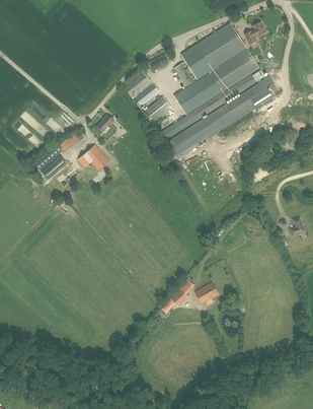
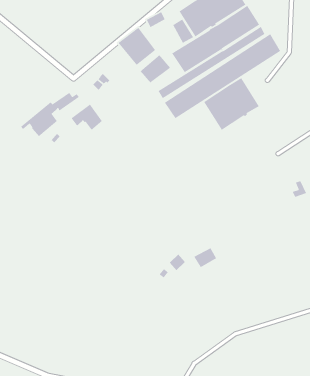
building: none -> [203,77,260,131]

